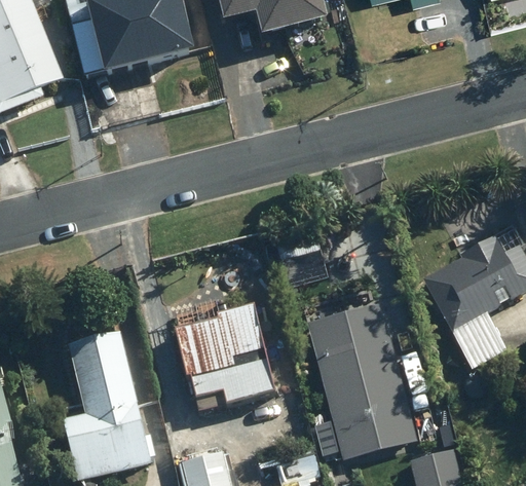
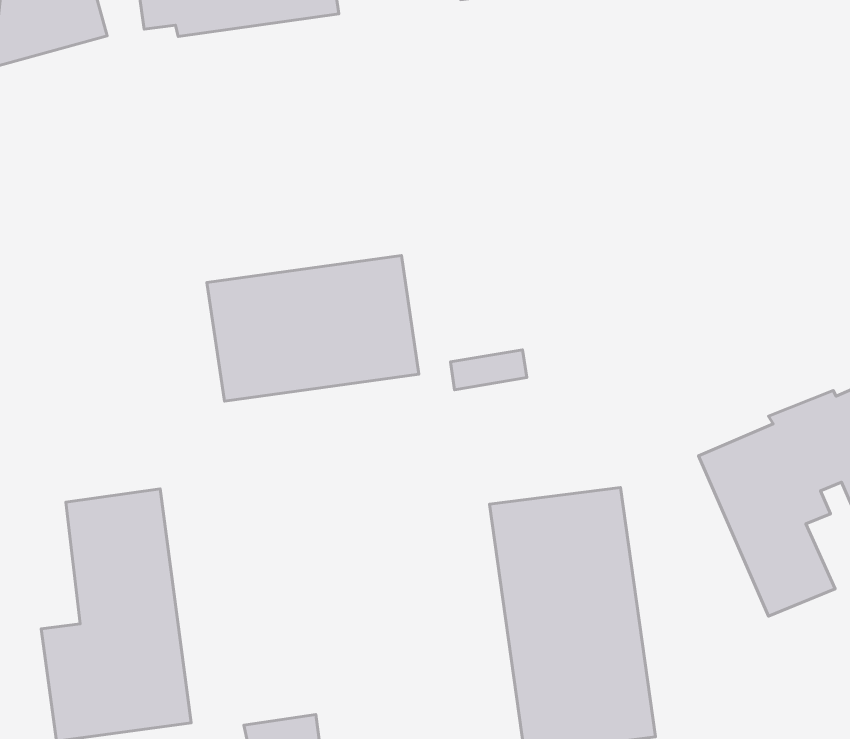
building: none -> [207,256,419,401]
building: [174,305,274,404] -> none

